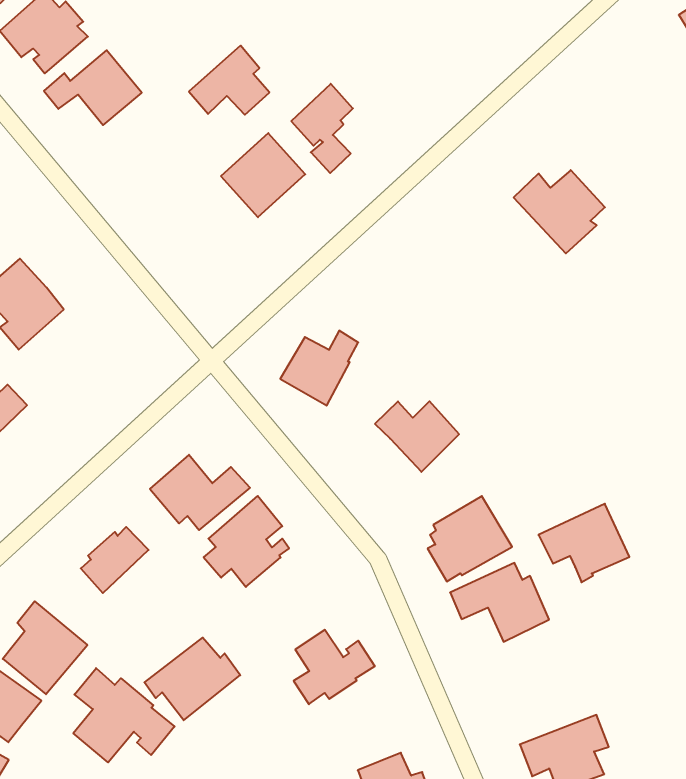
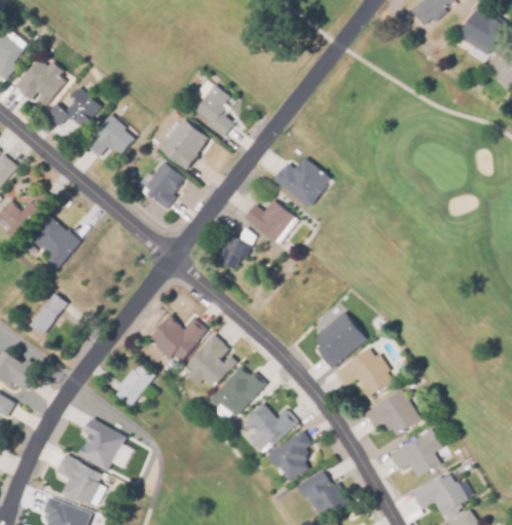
building: [189,46,269,115] -> [85,114,133,157]
building: [514,170,605,253] -> [275,158,329,208]
building: none -> [146,162,184,209]
building: [375,401,459,472] -> [244,200,294,242]
building: [538,504,629,582] -> [366,387,422,436]
building: [144,638,240,720] -> [210,365,265,415]
building: [73,668,175,762] -> none
building: none -> [268,430,310,481]

